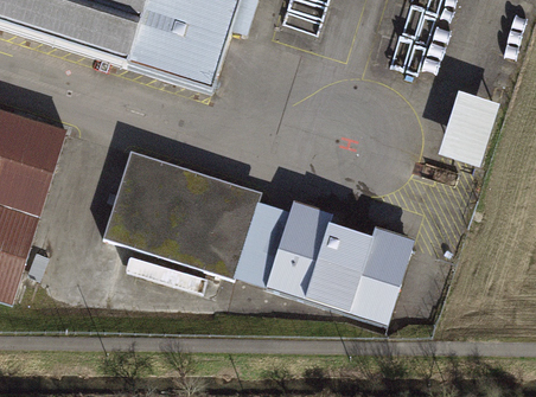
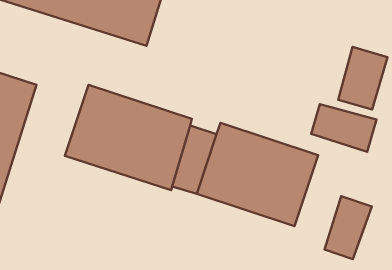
building: none -> [311,104,376,152]
building: none -> [325,196,372,259]

